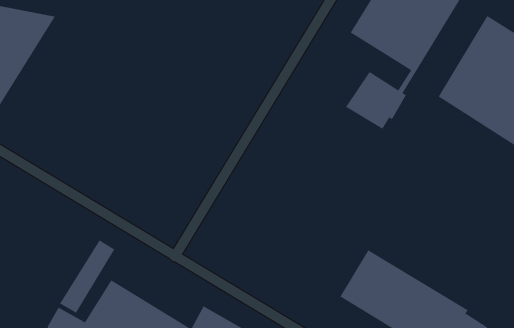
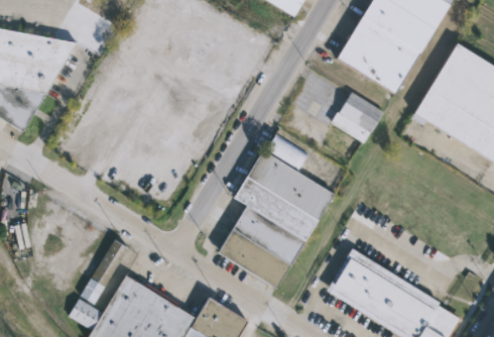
building: none -> [217,134,334,288]

